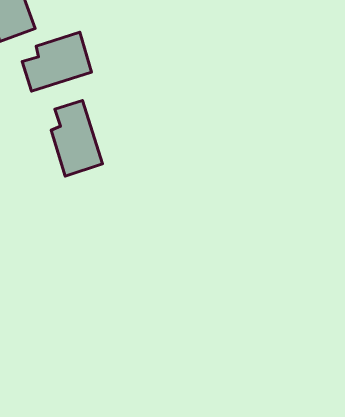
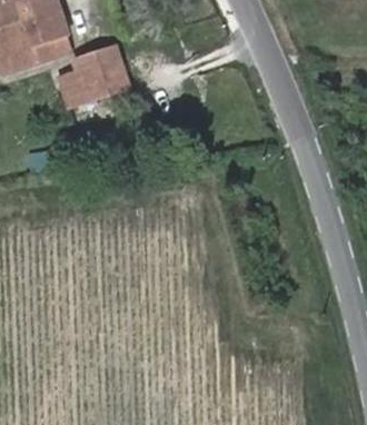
building: [51,101,102,176] -> none

